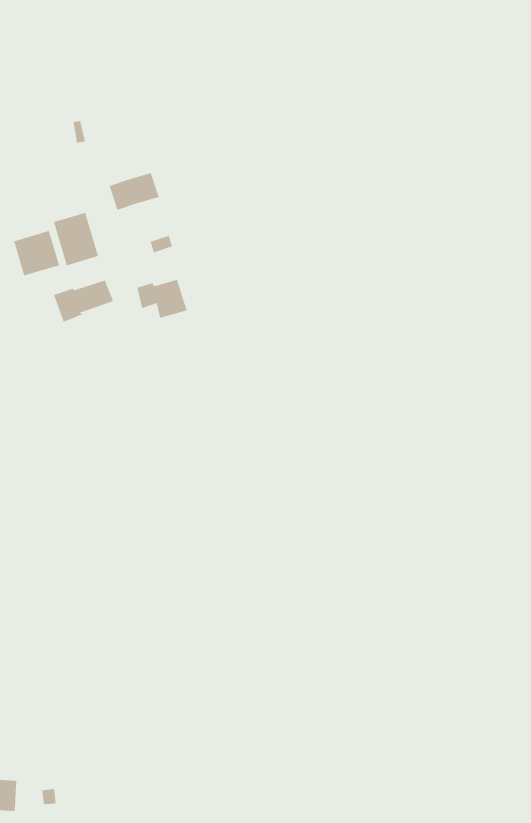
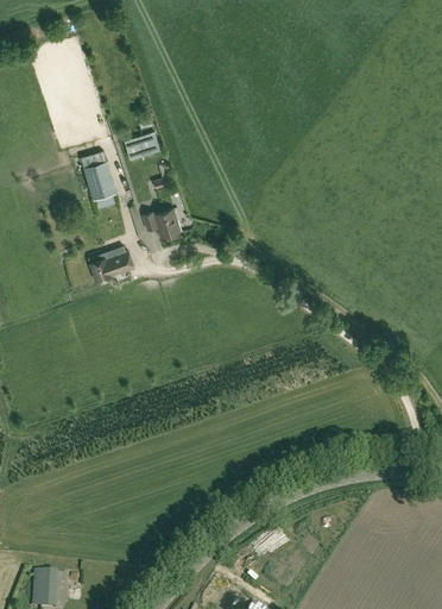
building: [13,230,60,276] -> none
building: [53,280,114,323] -> [89,252,133,283]

